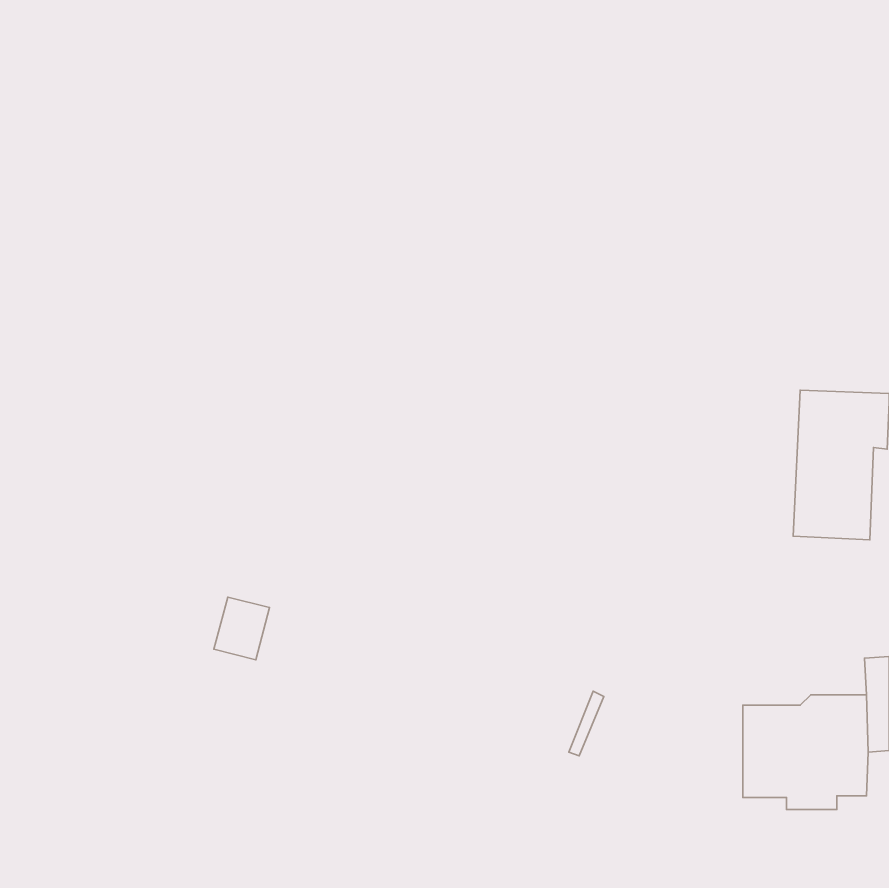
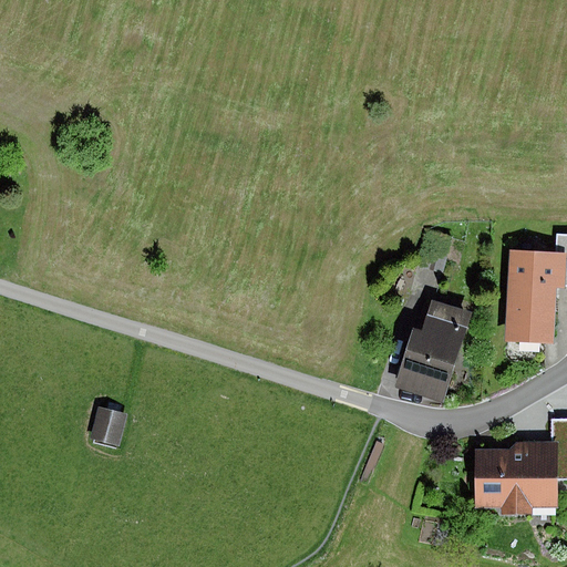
building: none -> [395,299,473,402]
building: [214,597,270,660] -> [93,410,128,450]

